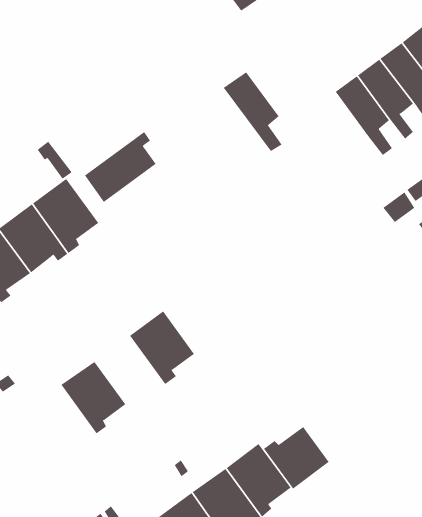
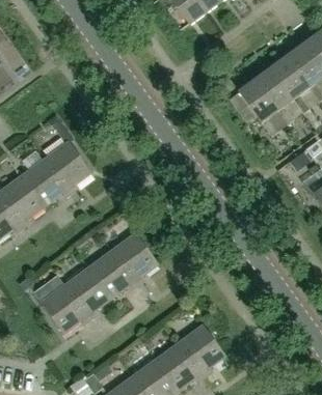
building: [223,72,282,152] -> [238,80,279,136]
building: [84,131,157,203] -> none
building: none -> [87,250,136,298]
building: none -> [39,284,88,332]
building: [263,426,329,490] -> none

